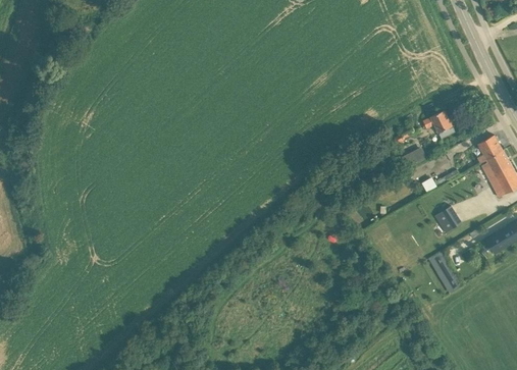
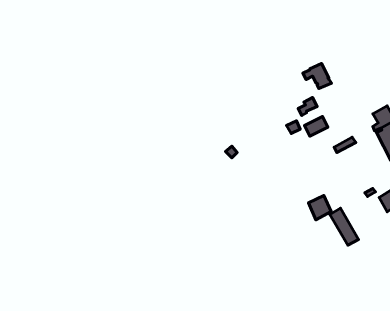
building: [422,110,455,139] -> [303,63,331,89]
building: [434,205,460,232] -> [309,195,331,220]

